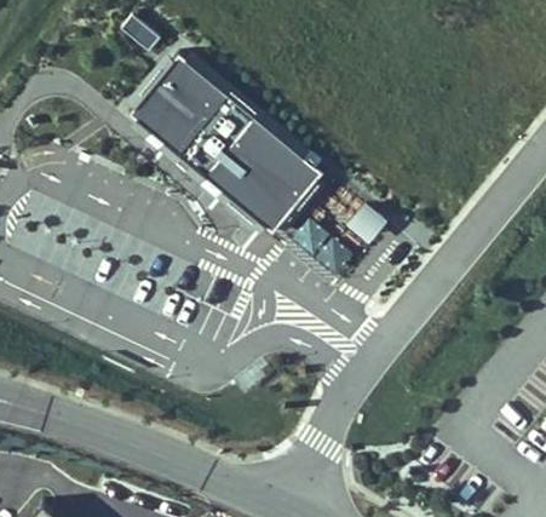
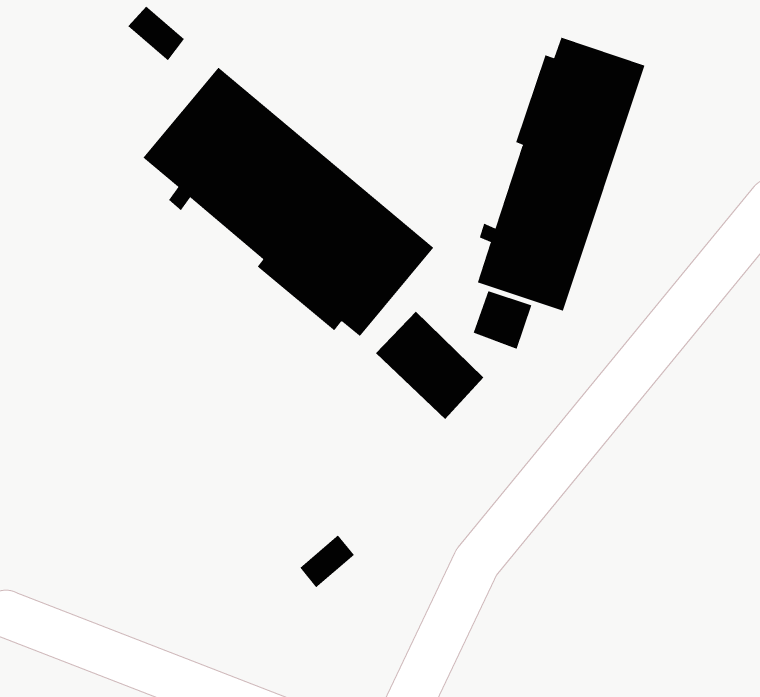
building: none -> [477,37,645,312]

